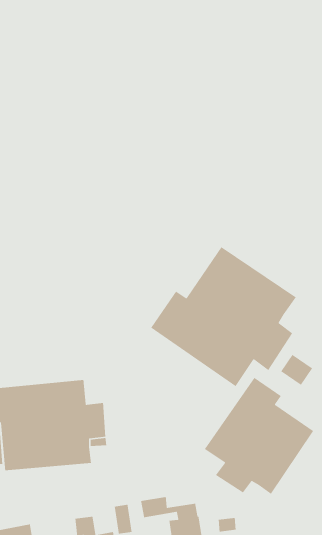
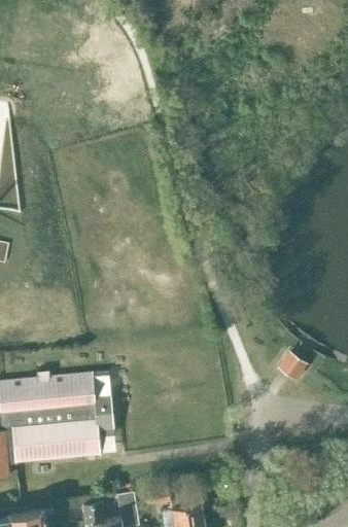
building: [150,246,297,387] -> none
building: [204,377,314,495] -> none

